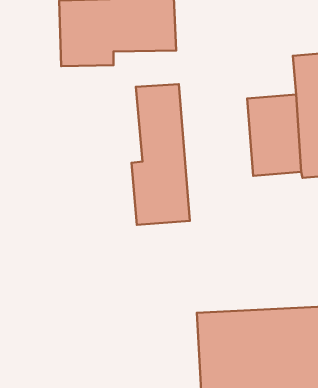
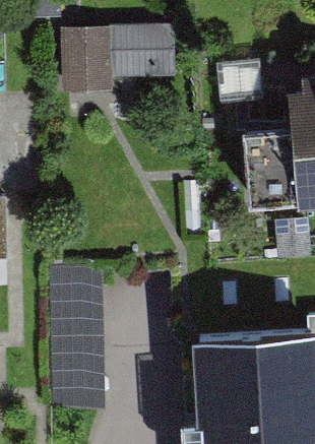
building: [131,84,190,225] -> none

